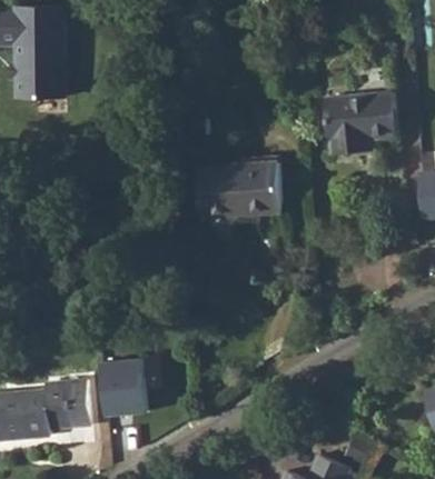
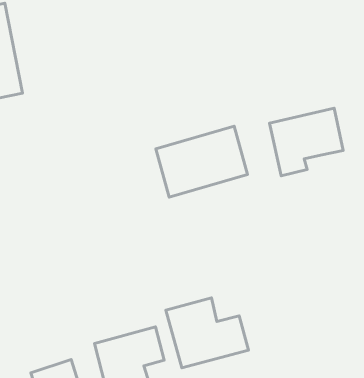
building: [326,98,395,157] -> [269,108,343,176]
building: none -> [166,298,249,368]

